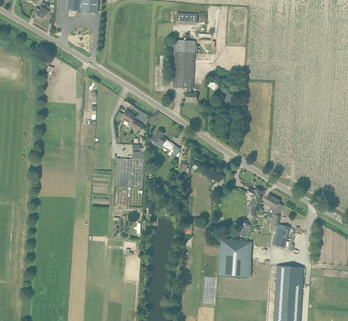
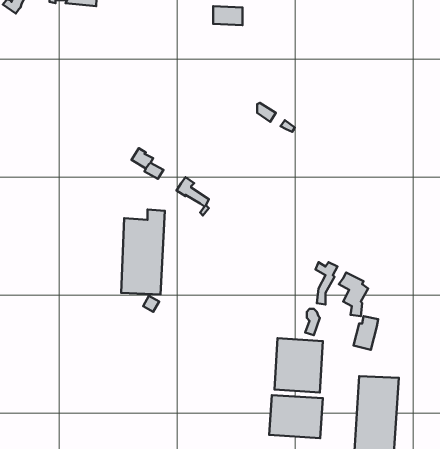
building: [173,39,197,100] -> none
building: none -> [269,395,323,438]

